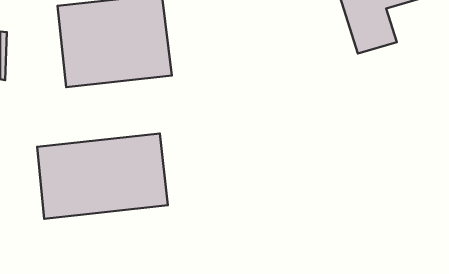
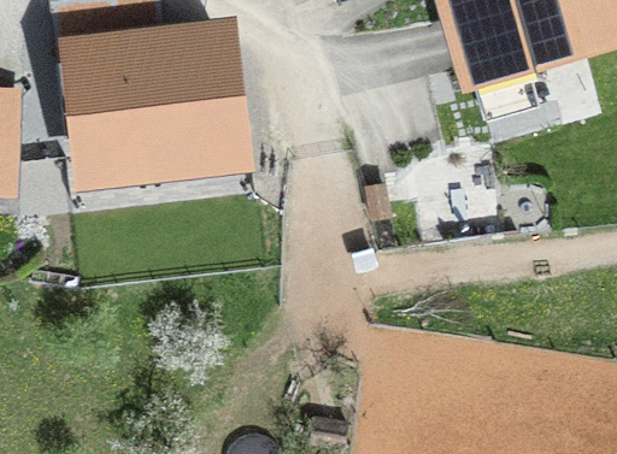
building: [37,133,168,219] -> none

